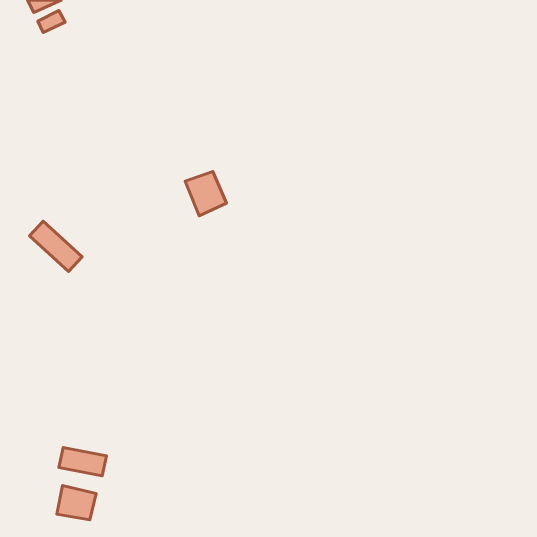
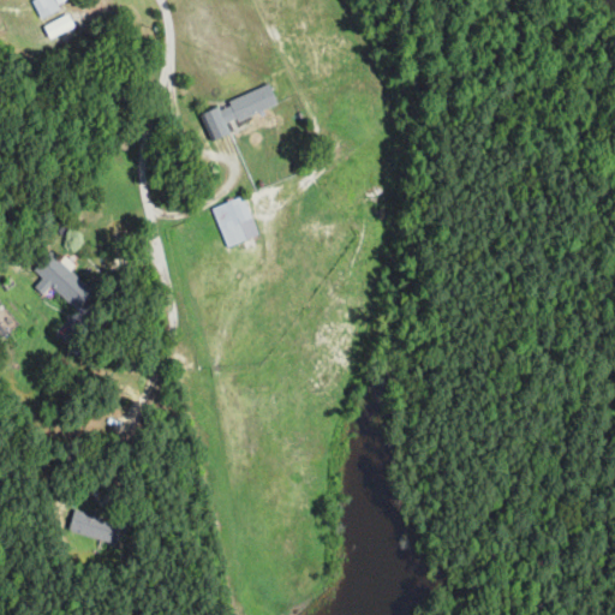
building: none -> [199,86,279,142]
building: [57,486,96,520] -> none

